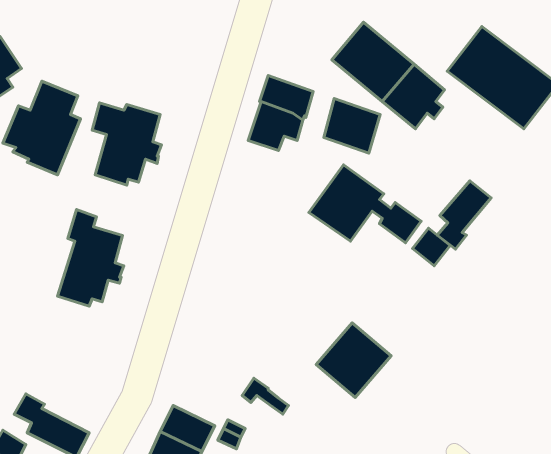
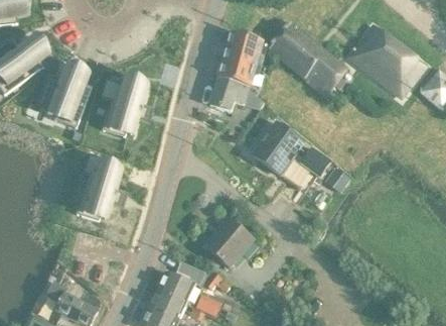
building: [324,98,380,153] -> [222,31,262,70]
building: [437,181,491,249] -> none
building: [316,323,391,398] -> [201,216,254,268]
building: none -> [156,263,204,304]

